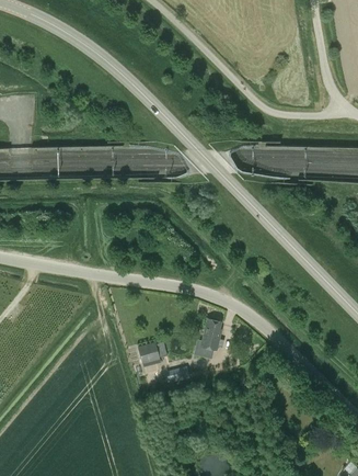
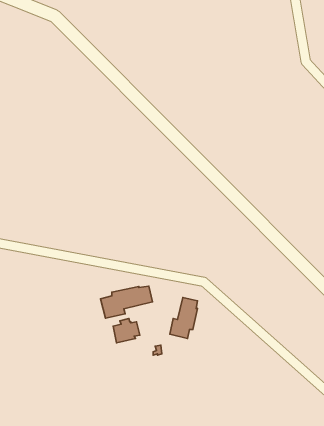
building: none -> [100,286,152,318]

